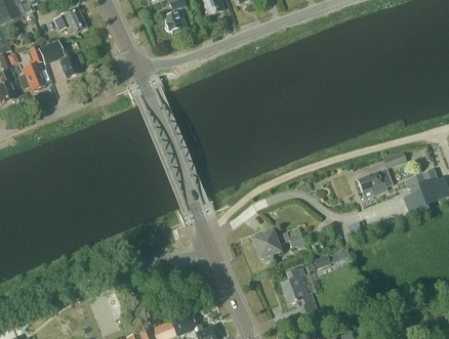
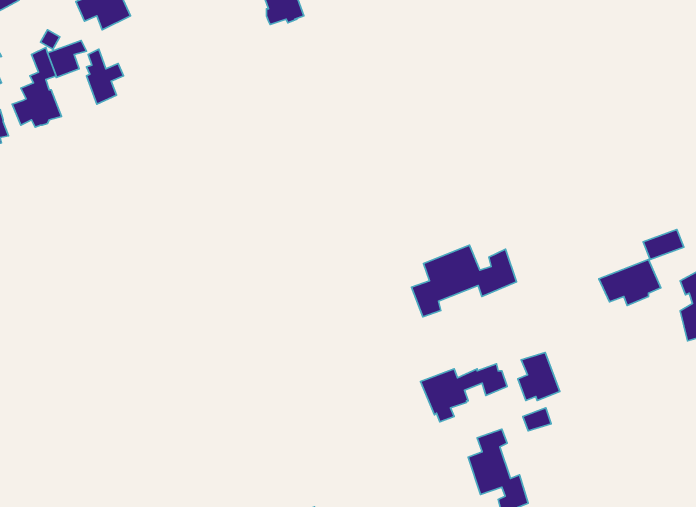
building: none -> [412,245,516,317]
building: none -> [518,352,560,400]

